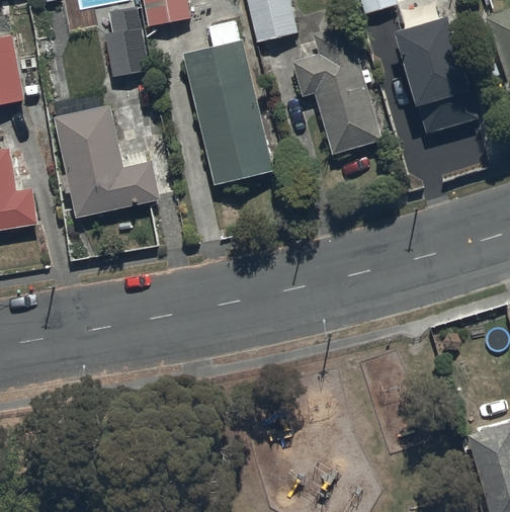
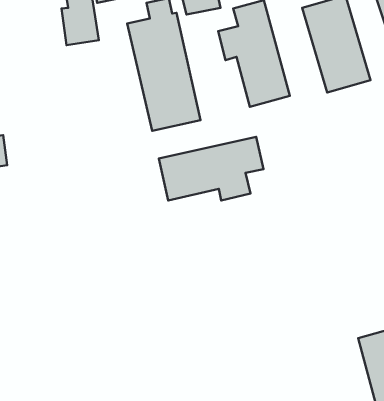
building: [55,104,159,217] -> none
building: none -> [159,137,263,201]

